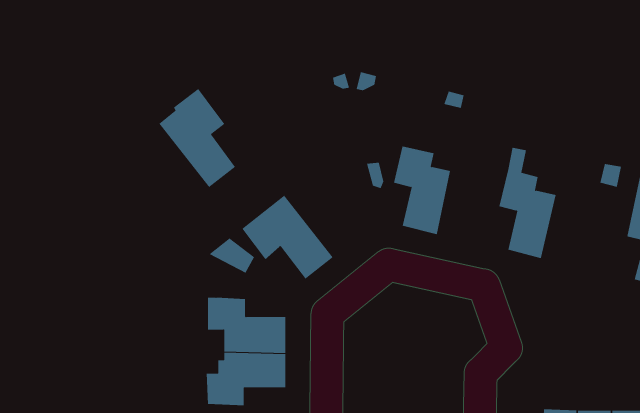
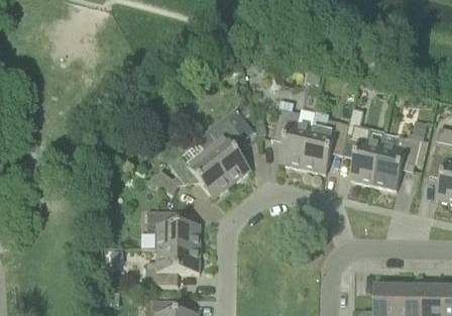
building: [158,88,236,188] -> [198,115,250,183]
building: none -> [303,118,350,173]
building: none -> [373,134,421,189]

